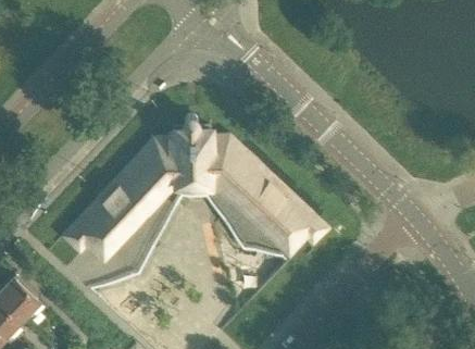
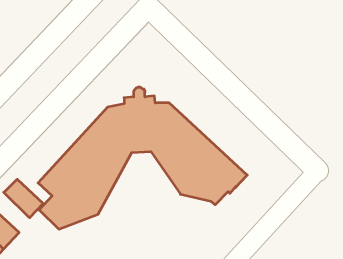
building: none -> [4,179,43,218]

